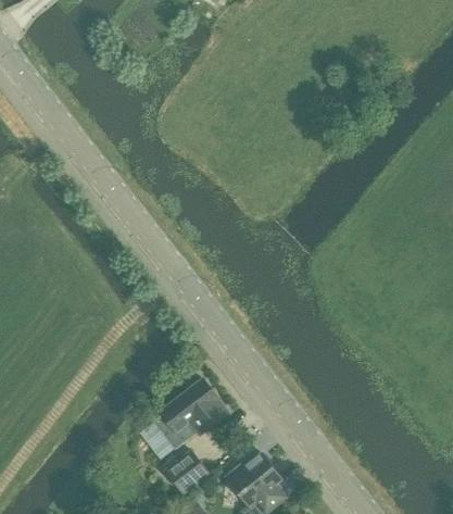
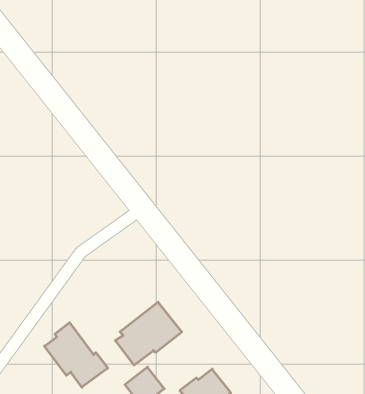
building: none -> [44,323,108,387]

